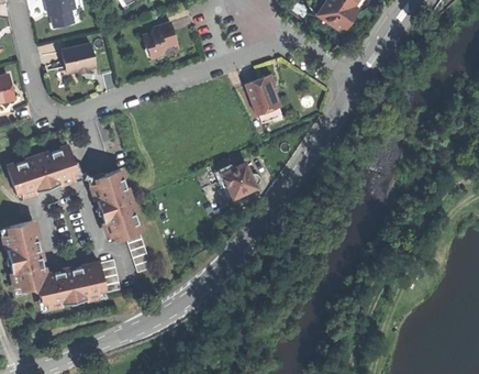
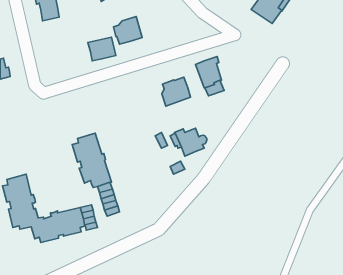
building: [62,43,97,73] -> [88,37,116,61]
building: none -> [162,77,191,106]
building: [7,146,75,197] -> none

